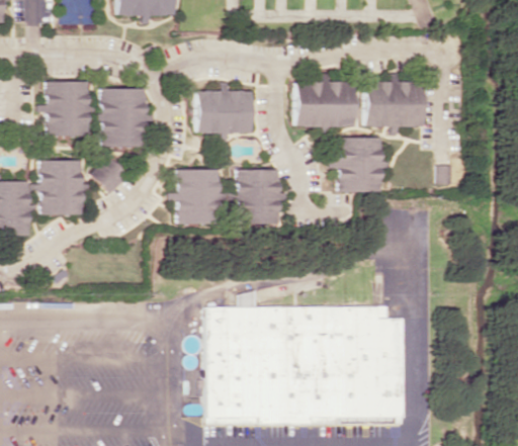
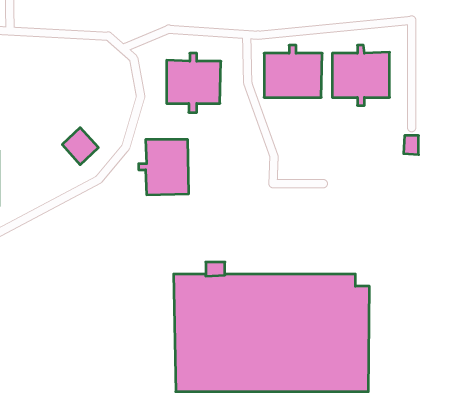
building: [46,82,88,137] -> none
building: [100,89,146,148] -> none
building: [338,138,380,192] -> none
building: [38,160,82,215] -> none
building: [237,170,285,225] -> none

